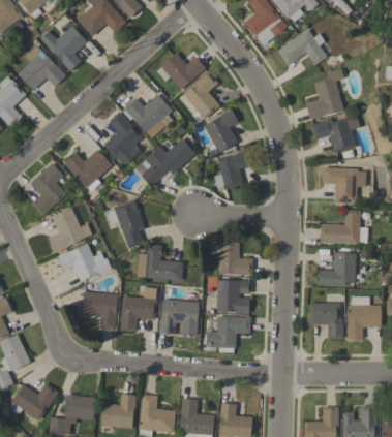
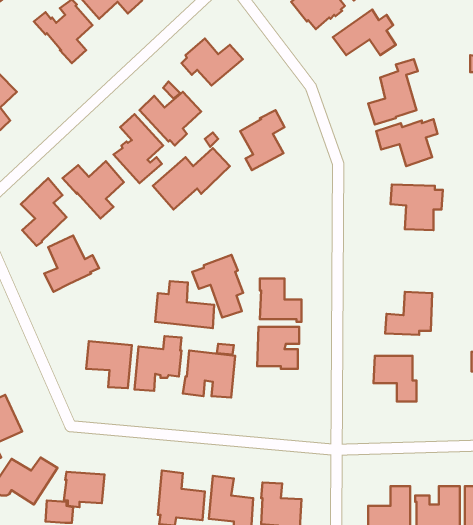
building: [19,44,66,89] -> none
building: [182,71,220,122] -> none
building: [214,149,253,189] -> none
building: [104,198,145,248] -> [192,255,243,318]
building: [320,210,368,244] -> none
building: [58,244,112,281] -> none
building: [346,296,381,339] -> none
building: [207,316,251,352] -> none
building: [101,394,137,428] -> none

